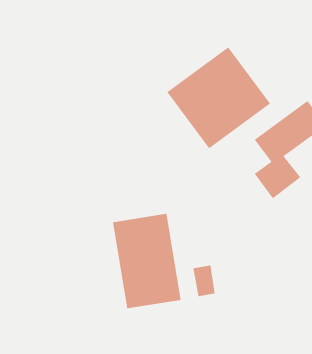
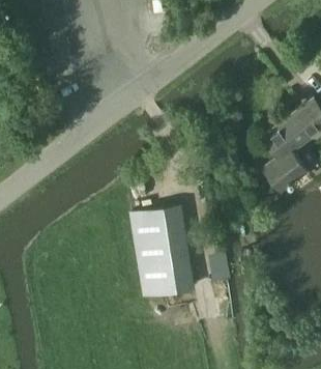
building: [167,46,271,149] -> none

